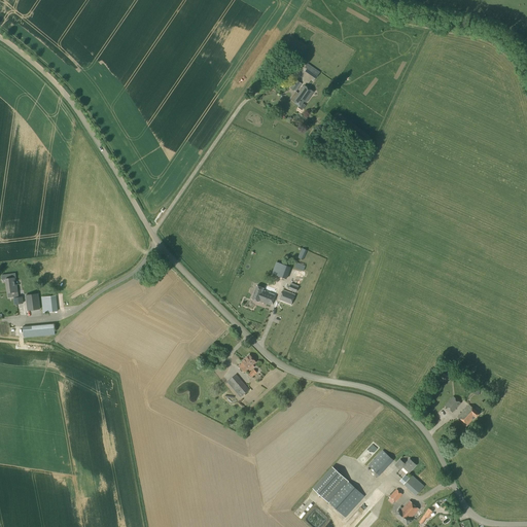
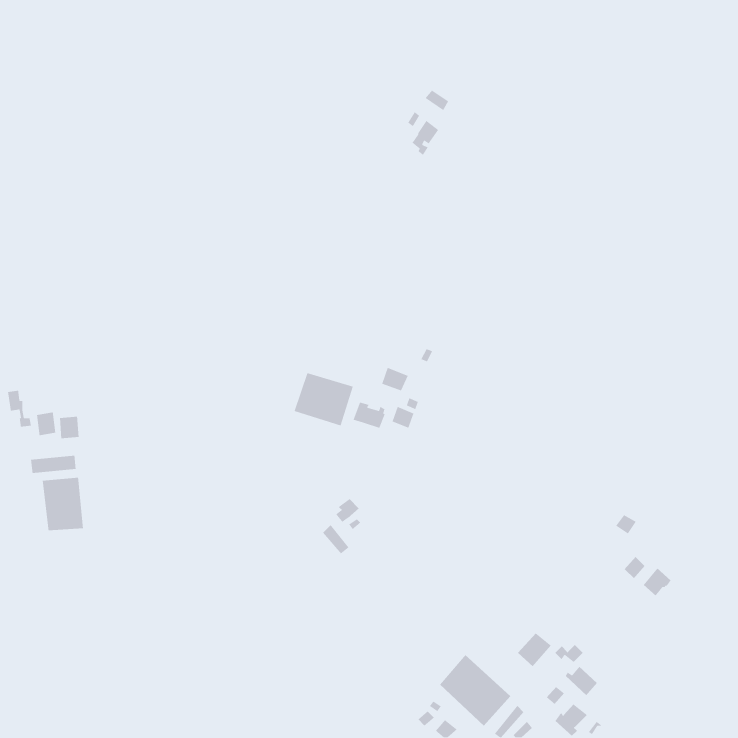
building: none -> [294,372,354,427]
building: none -> [42,477,84,531]

